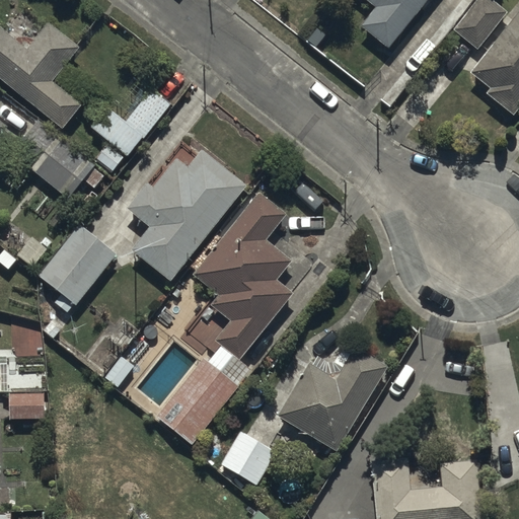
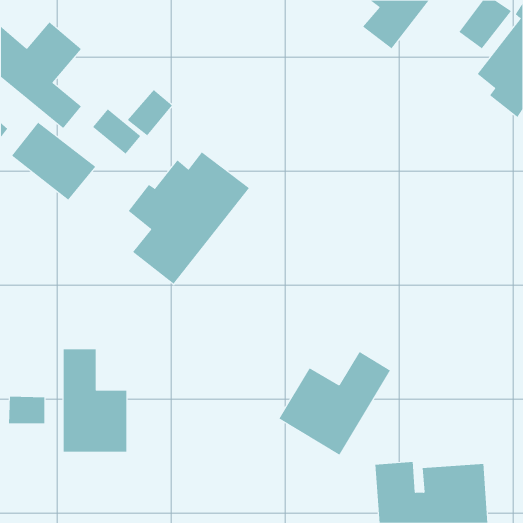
building: [157,193,293,445] -> none
building: [36,223,119,312] -> none
building: none -> [63,349,127,453]
building: [220,431,276,486] -> none

